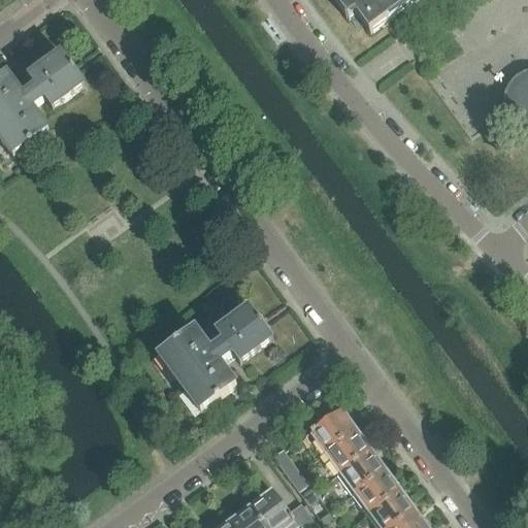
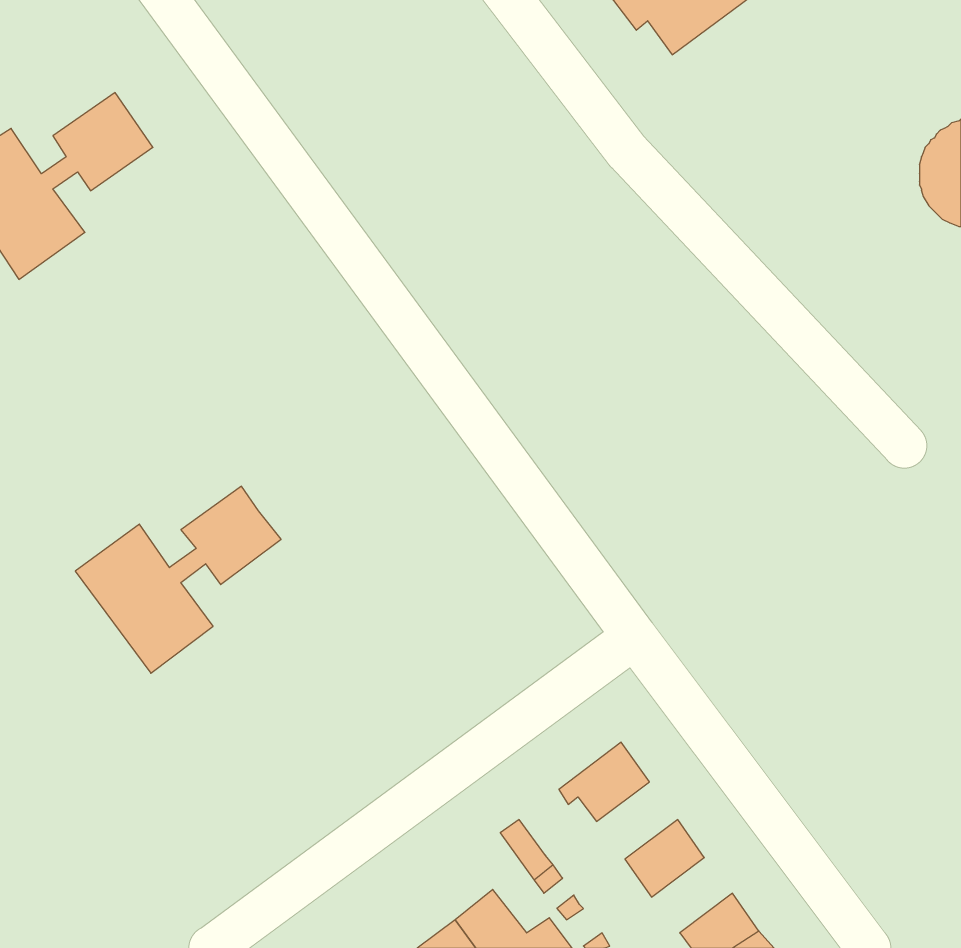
building: [158,305,270,407] -> [75,486,281,673]
building: [326,427,370,469] -> none
building: [356,468,400,509] -> none

